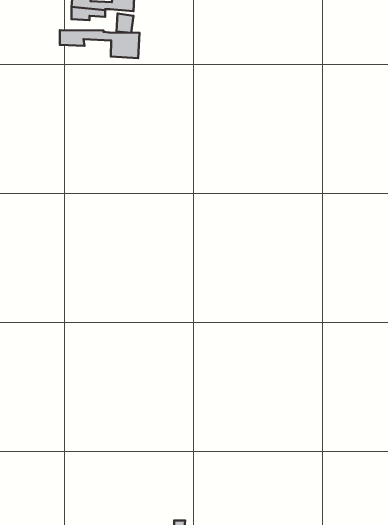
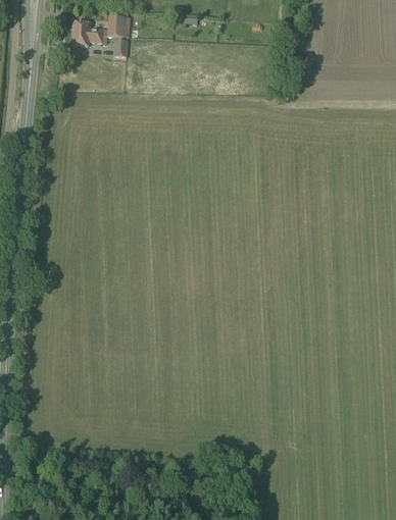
building: [60,30,140,58] -> none

